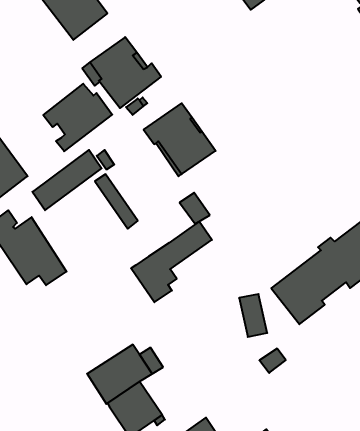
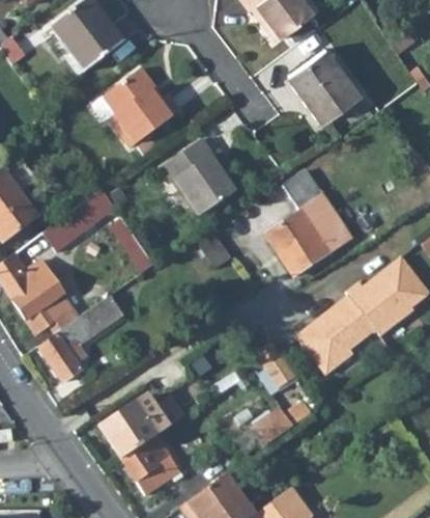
building: none -> [289,47,360,120]
building: [43,84,112,151] -> none
building: none -> [265,169,350,275]
building: [131,221,212,302] -> [38,295,124,381]
building: none -> [251,407,294,446]

